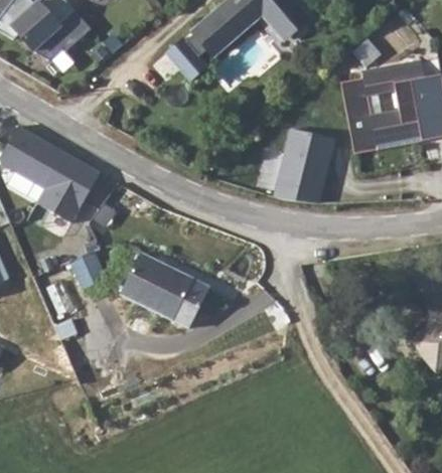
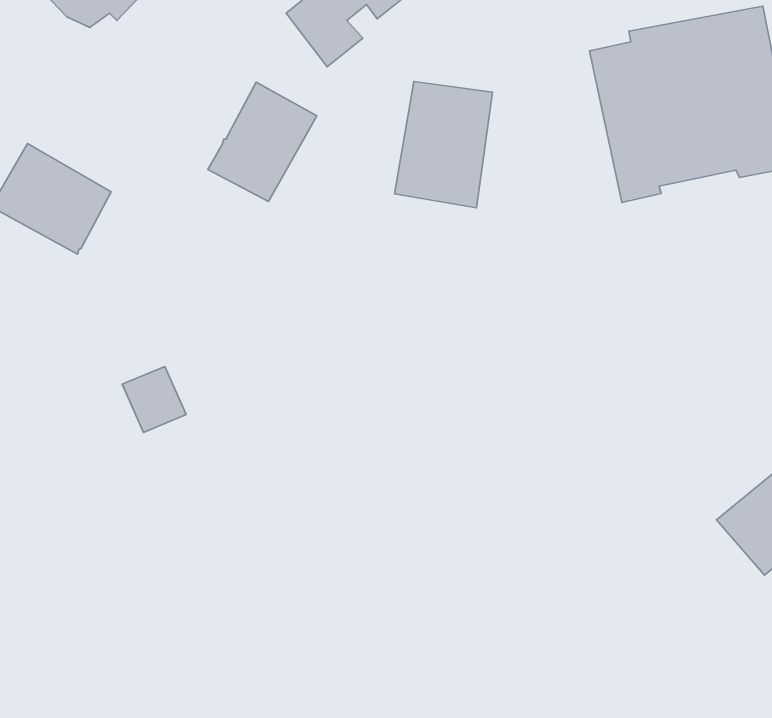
building: [278,135,333,206] -> [394,81,493,208]
building: [39,152,101,219] -> [208,82,317,202]
building: [119,251,206,325] -> none

